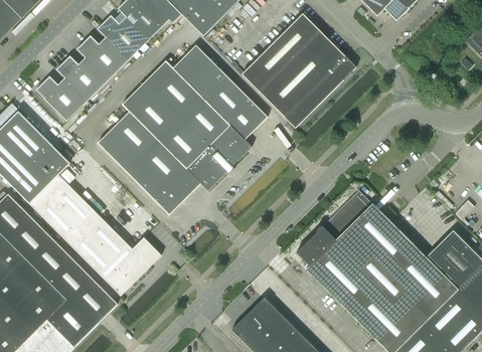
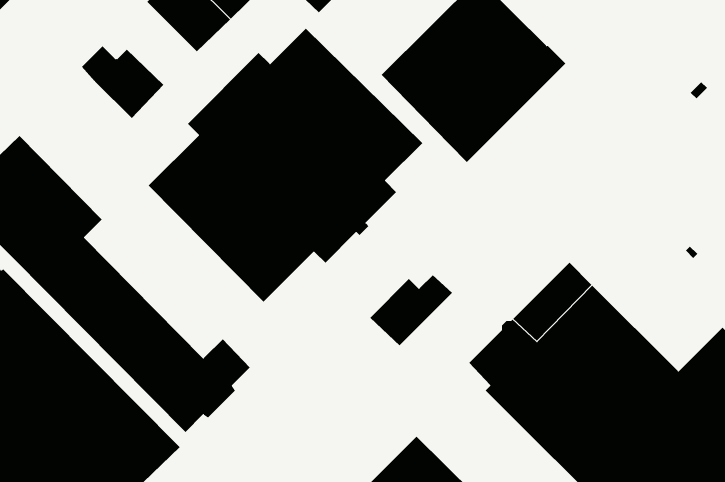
building: [76,35,128,79] -> none
building: [35,75,88,121] -> none
building: none -> [369,274,453,346]

